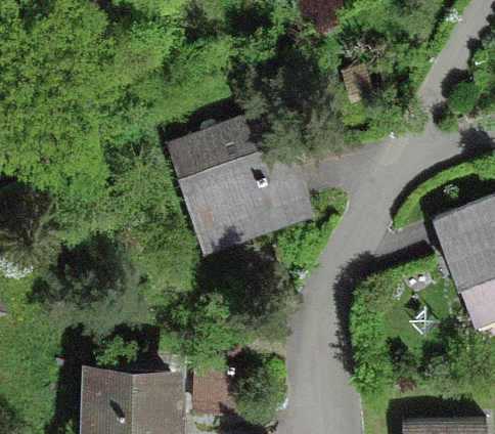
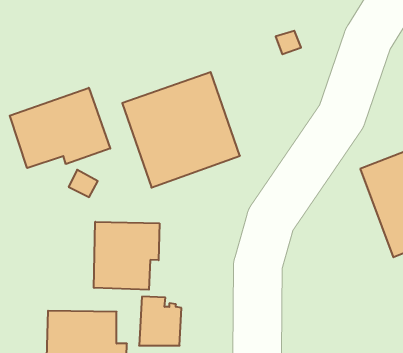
building: none -> [10,88,110,168]
building: none -> [94,222,159,290]

